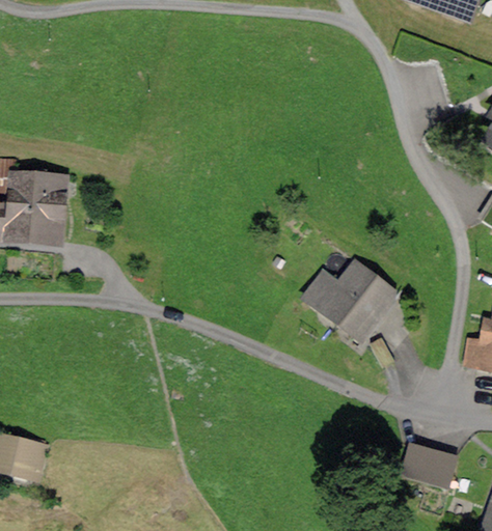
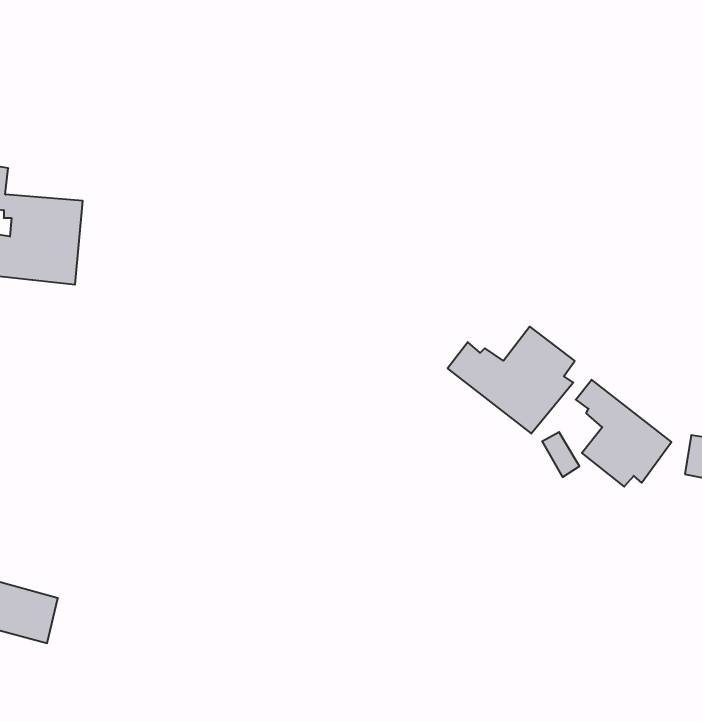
building: none -> [576,380,671,487]
building: [403,444,455,484] -> none

